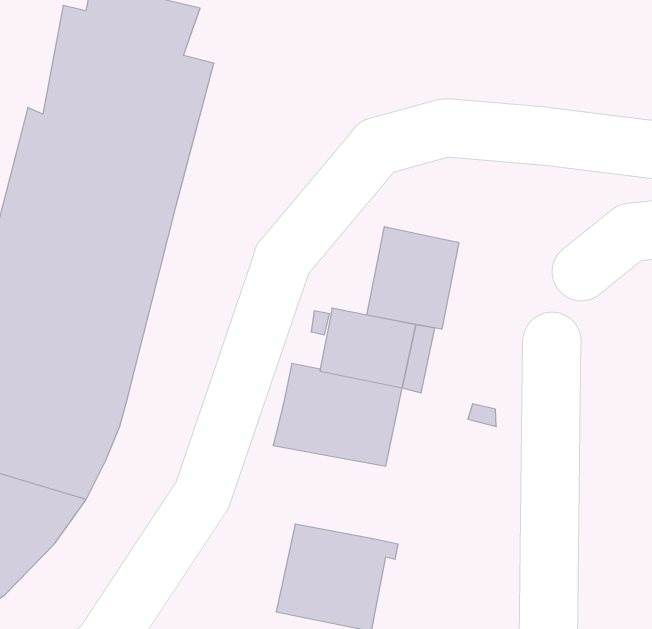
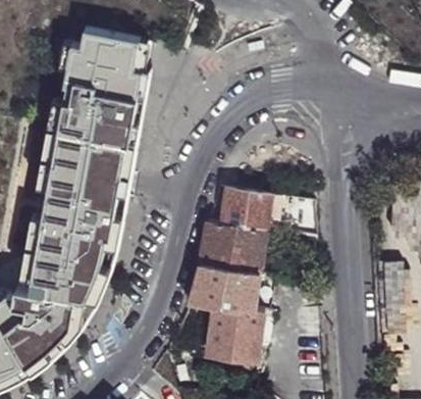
building: [367,227,459,329] -> none
building: none -> [187,261,257,307]

